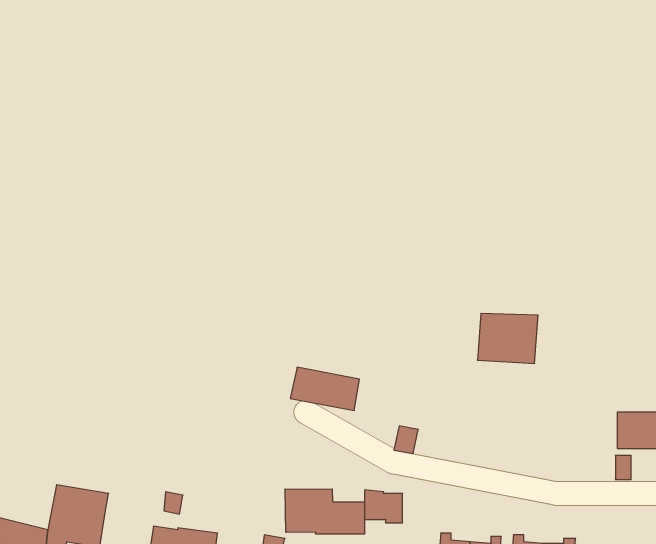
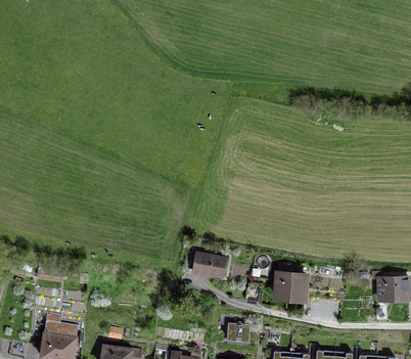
building: [477,313,538,363] -> [274,272,310,302]
building: [285,489,365,534] -> none

